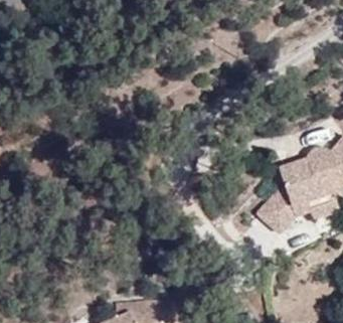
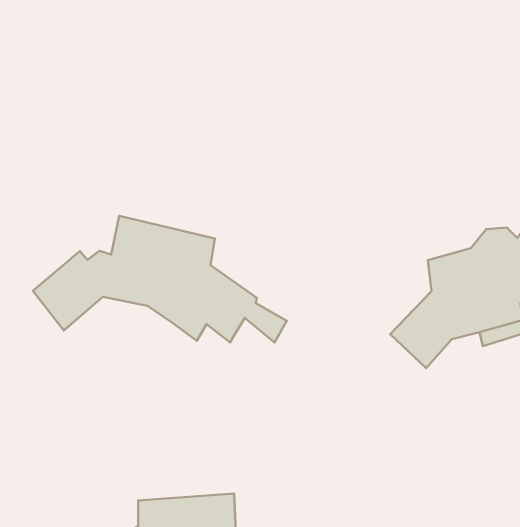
building: none -> [33,216,287,343]

